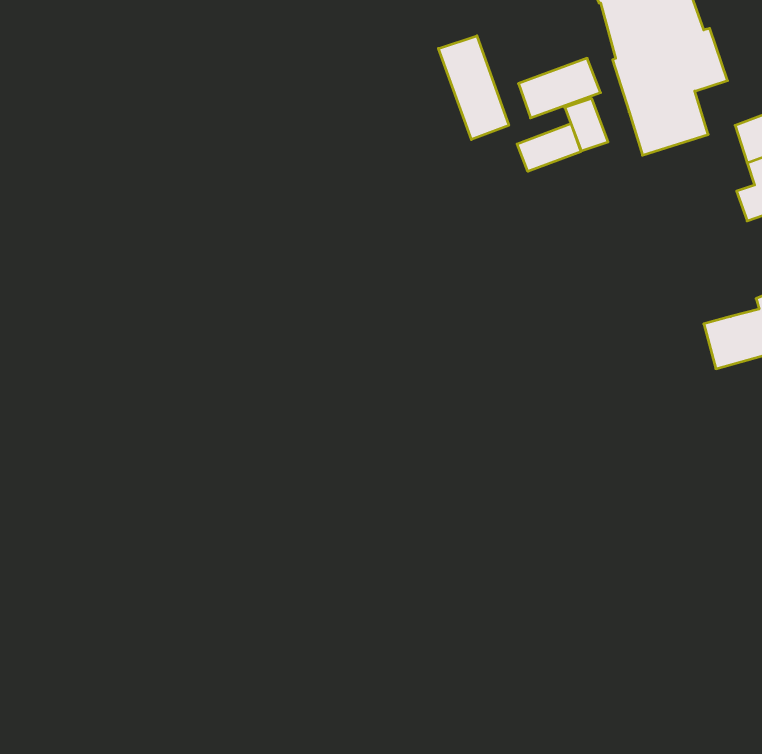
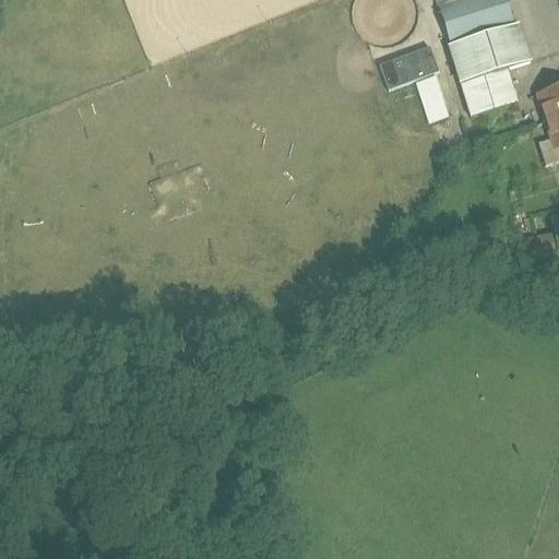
building: [438,36,509,140] -> none
building: [517,124,581,171] -> none

